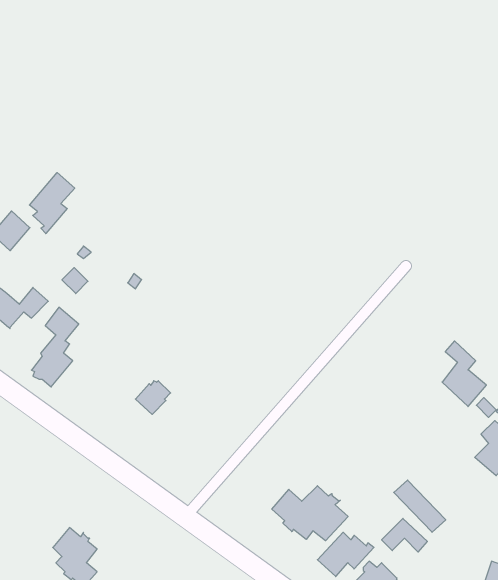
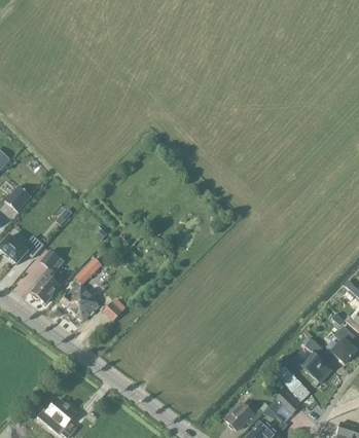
building: [29,173,75,234] -> none
building: none -> [60,258,101,322]
building: [442,341,486,407] -> [302,339,332,384]
building: [272,486,348,541] -> none

